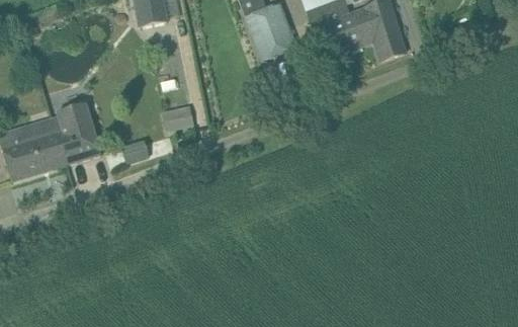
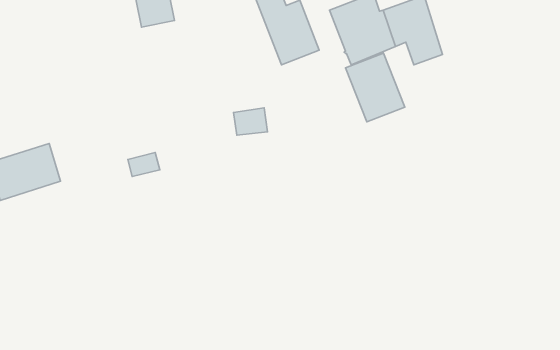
building: none -> [346,53,405,122]
building: [55,100,100,162] -> none
building: [164,102,194,127] -> [233,108,268,135]

